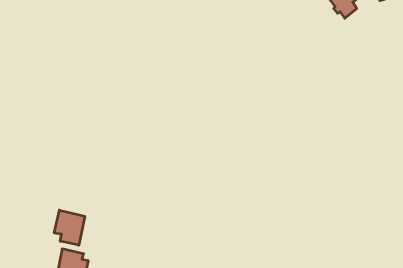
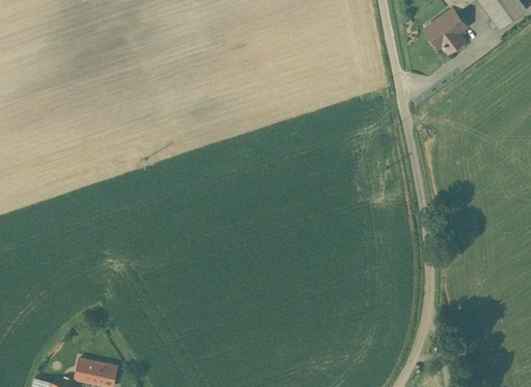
building: [54,210,85,245] -> none

